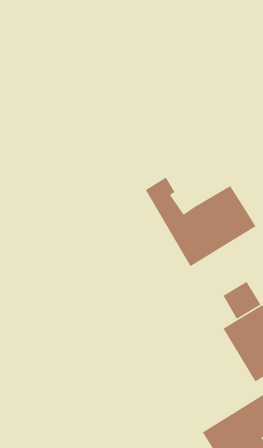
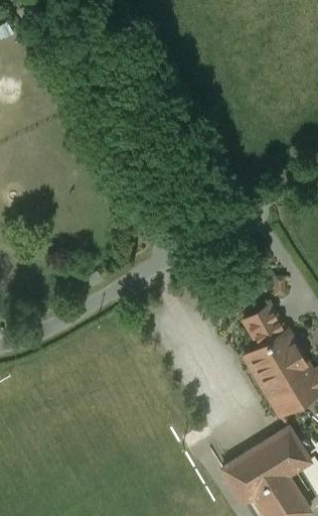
building: [145,176,256,267] -> none

